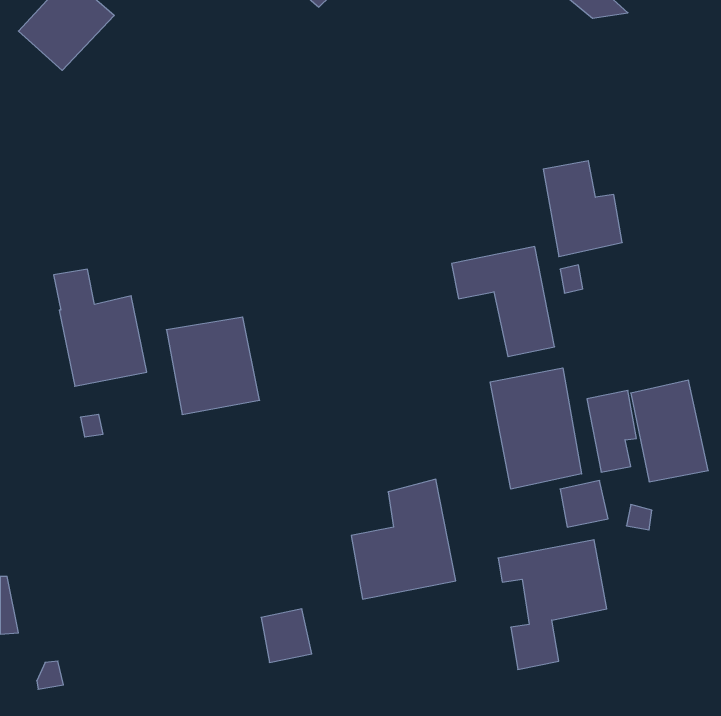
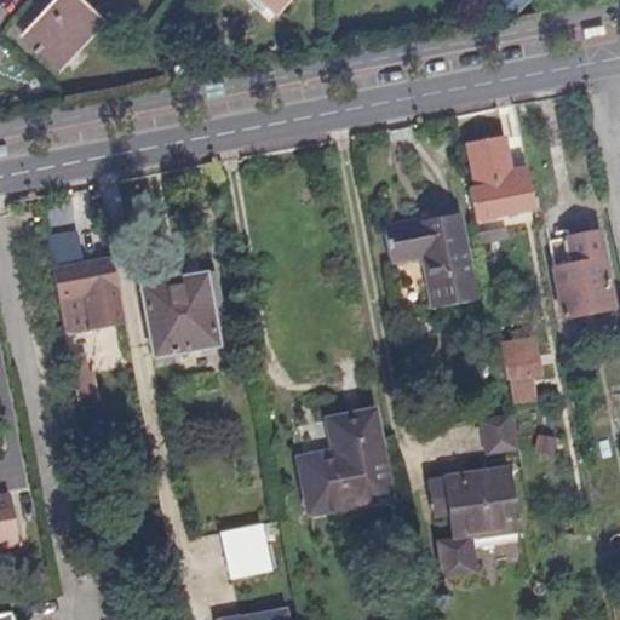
building: [490,368,582,489] -> none
building: [631,380,708,482] -> [547,231,614,318]

